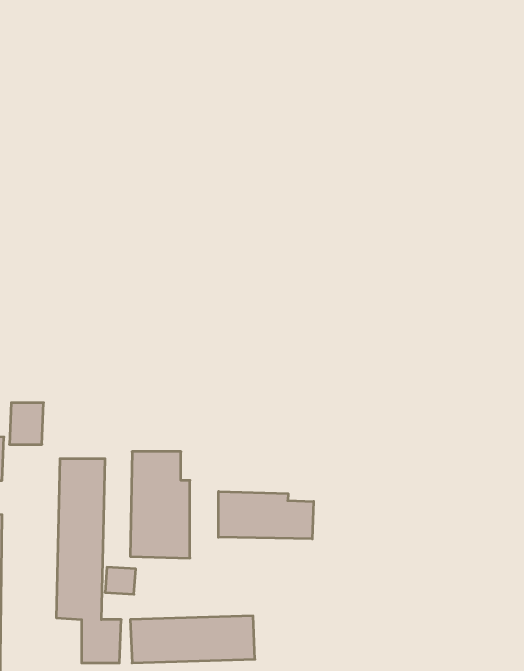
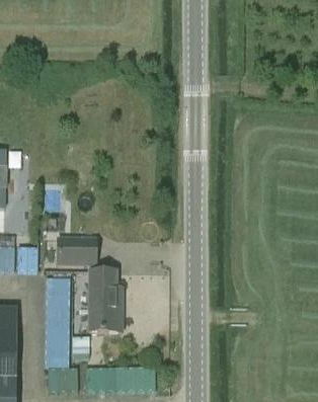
building: none -> [57,237,95,264]
building: [218,491,314,539] -> none

